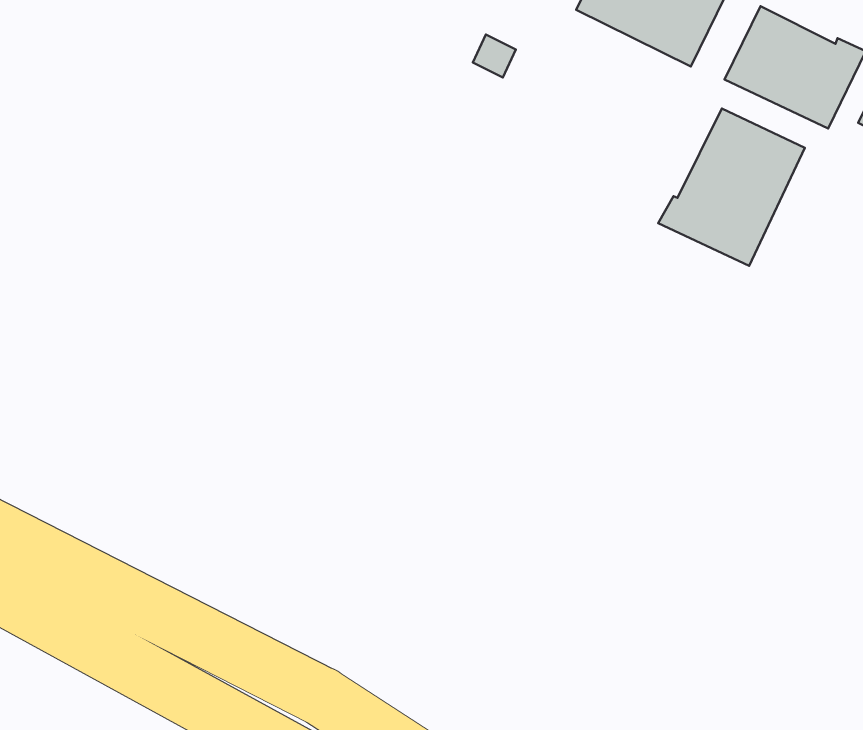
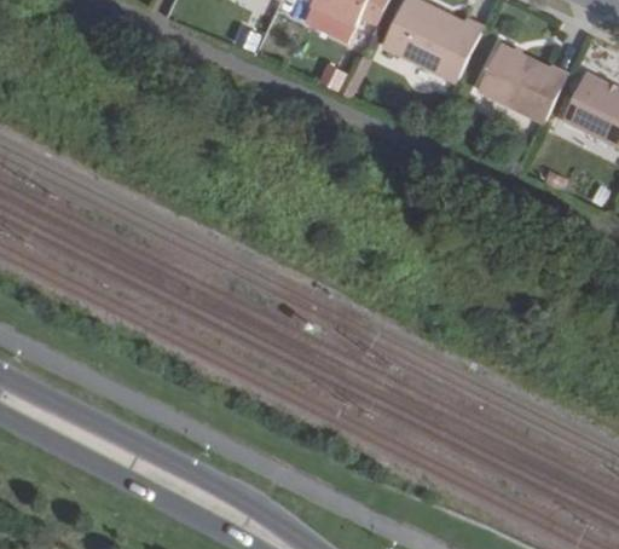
building: [658,108,805,266] -> none

